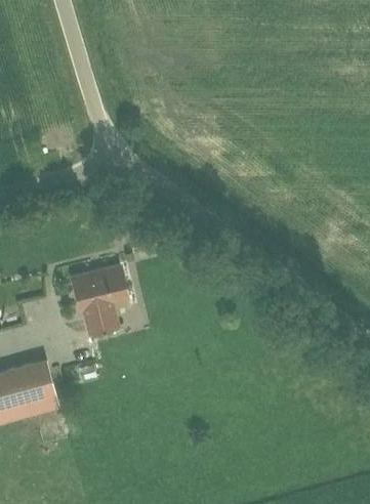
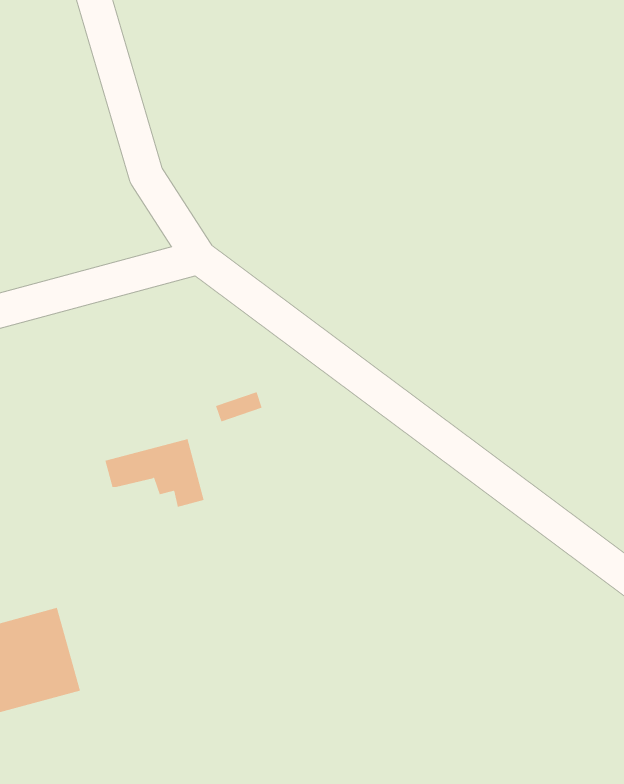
building: [78,287,118,333] -> none

